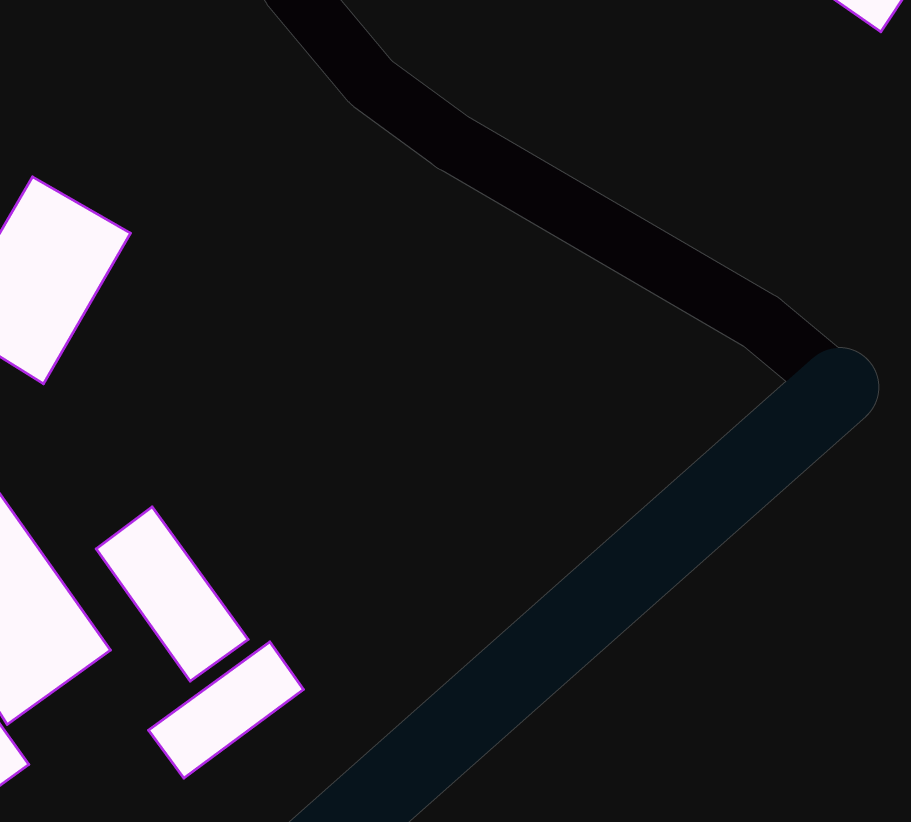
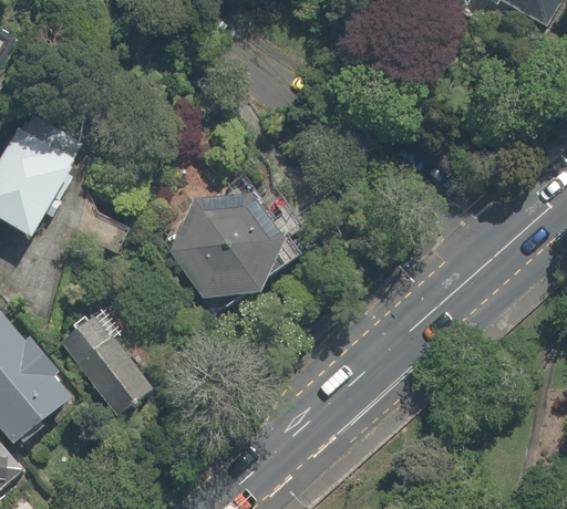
building: none -> [174,191,291,295]
building: [149,642,304,778] -> none

